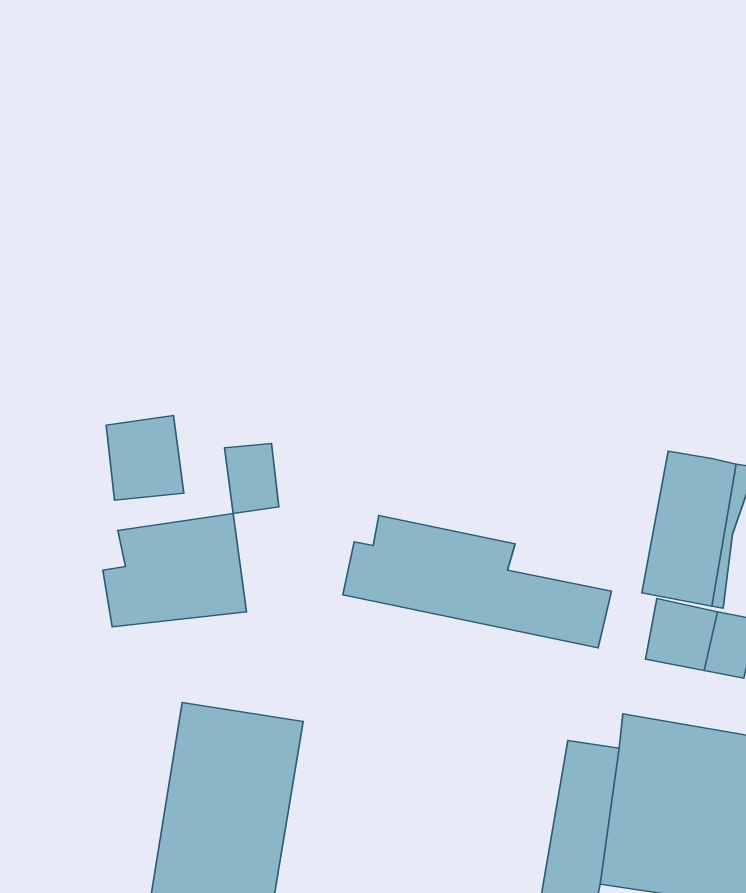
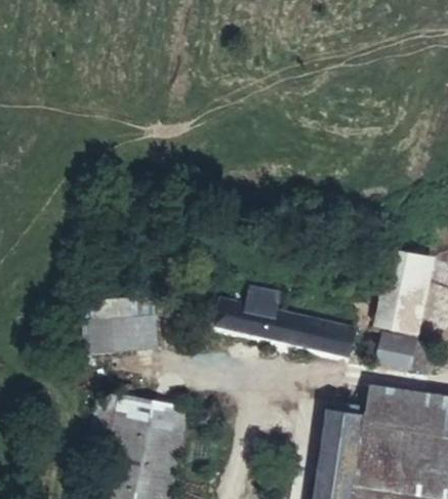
building: [106,415,184,500] -> none
building: [224,443,279,513] -> none

